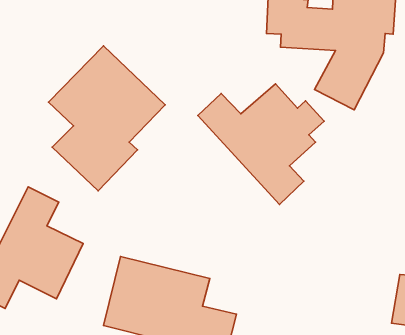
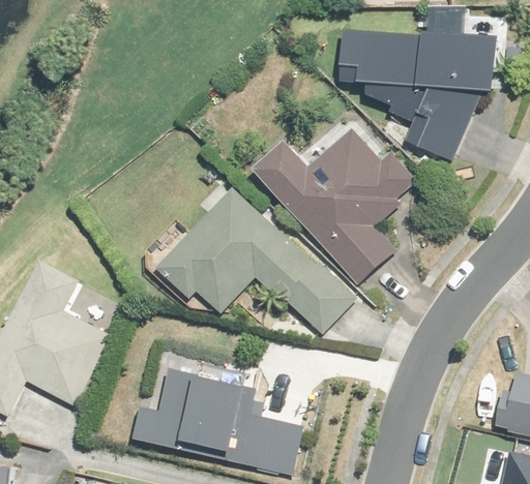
building: [48,46,165,191] -> none
building: none -> [152,186,352,332]

